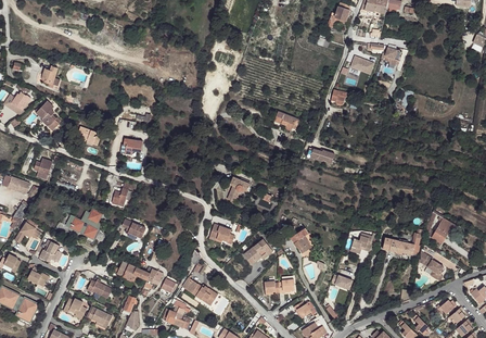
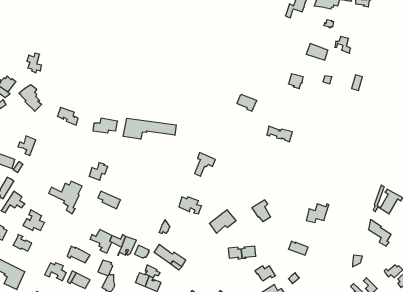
building: none -> [123,118,176,139]
building: [382,229,422,254] -> none

